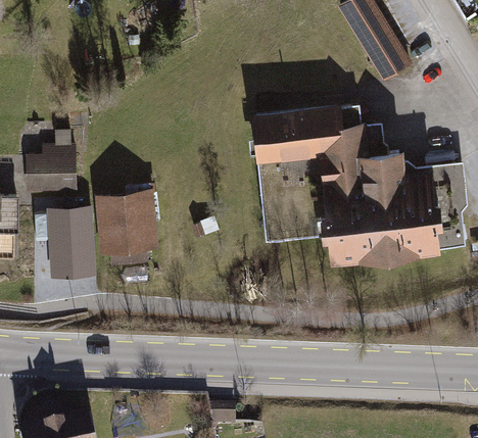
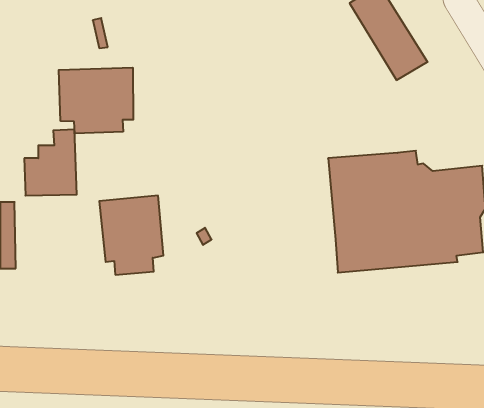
building: none -> [59,68,133,134]
building: [251,104,382,238] -> none
building: [48,206,100,281] -> none

